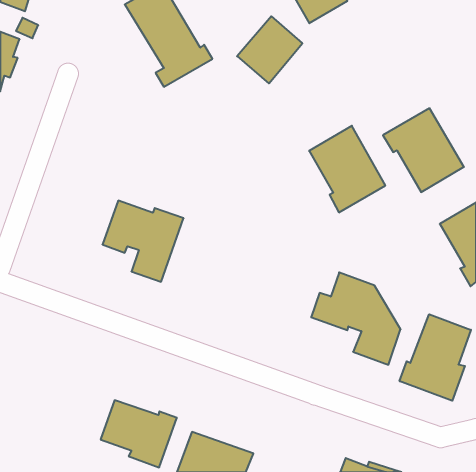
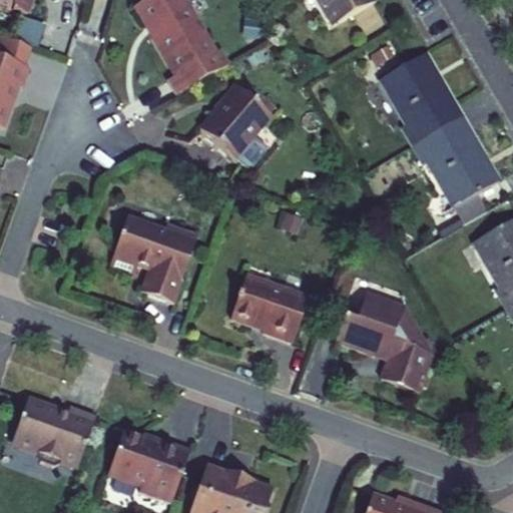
building: [237,16,302,83] -> [199,85,270,157]
building: [309,126,385,212] -> [380,52,462,145]
building: none -> [230,274,309,342]
building: [400,314,471,401] -> none
building: none -> [12,398,96,466]

